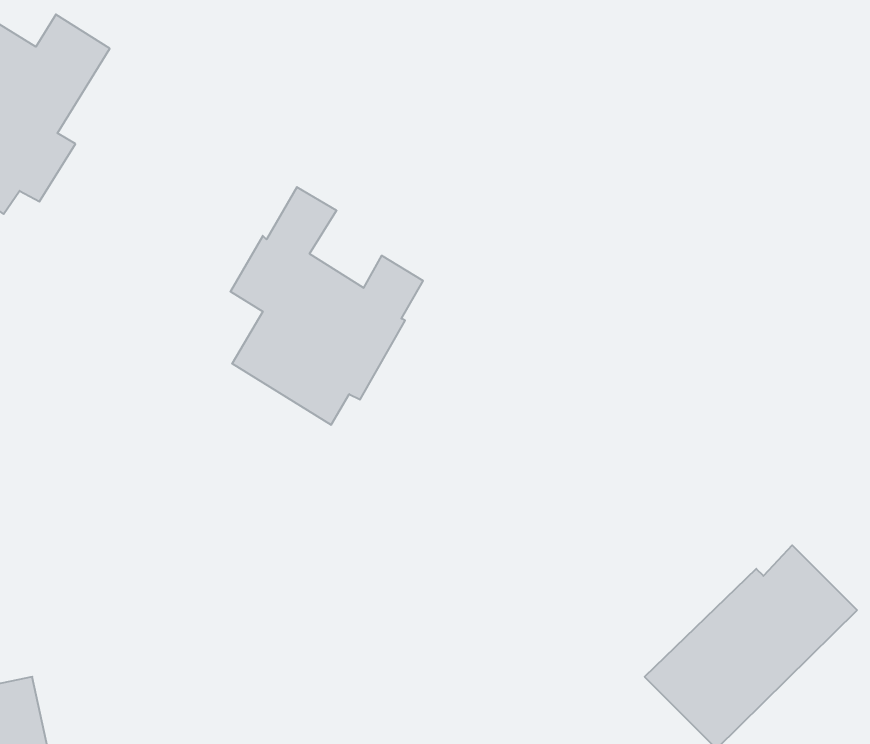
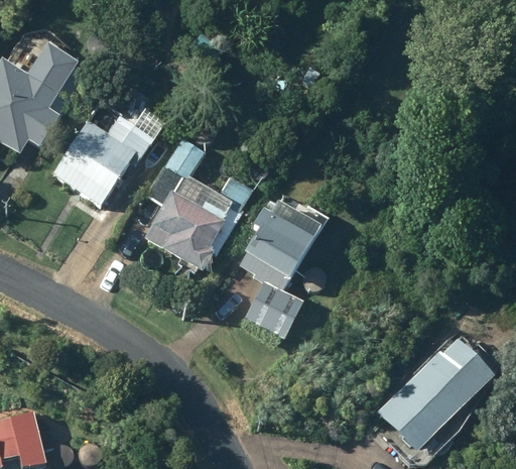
building: none -> [52,117,152,205]
building: none -> [239,200,317,338]

